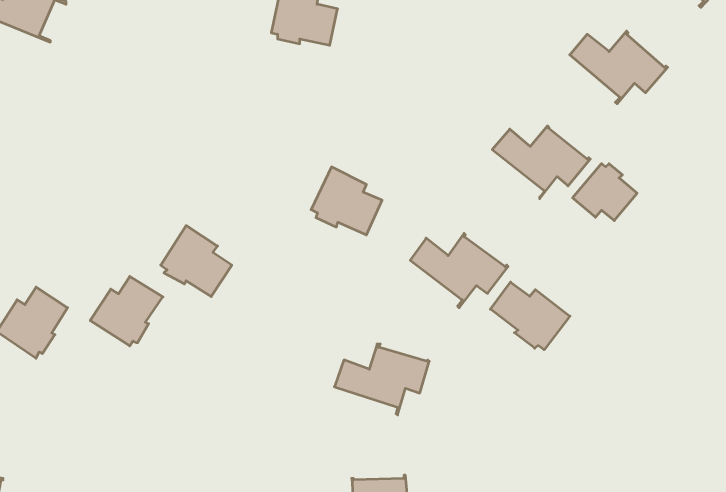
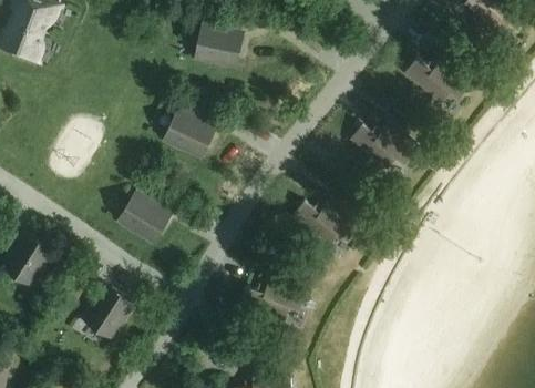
building: [573,164,637,221] -> none
building: [311,167,382,235] -> [164,109,214,156]
building: [90,276,163,346] -> [84,288,135,337]
building: [490,282,570,350] -> none

